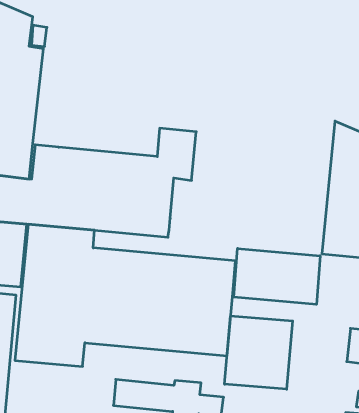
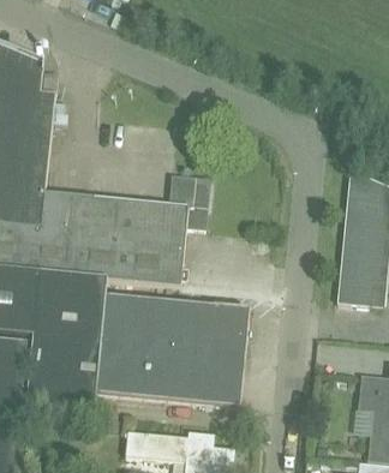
building: [234,248,320,304] -> none
building: [225,316,293,389] -> none

